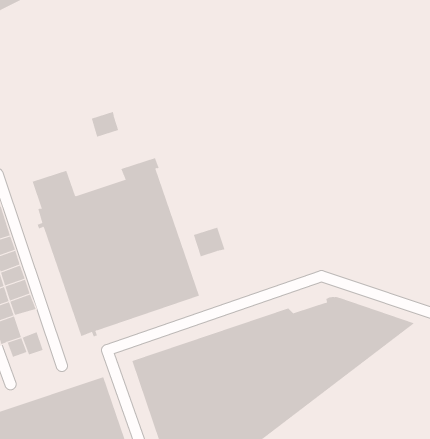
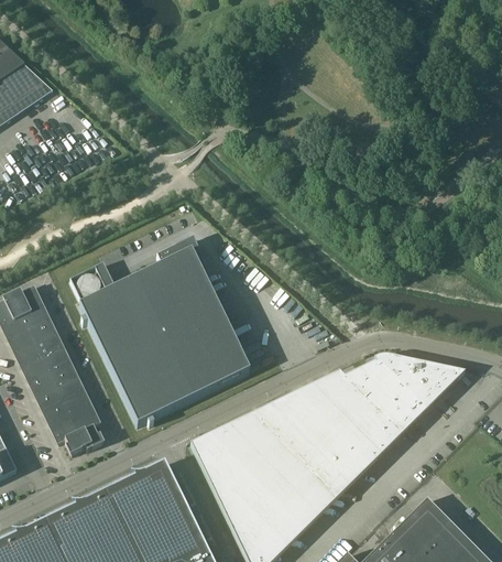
building: [91,111,119,138] -> none
building: [193,227,225,257] -> none
building: none -> [68,402,98,432]

